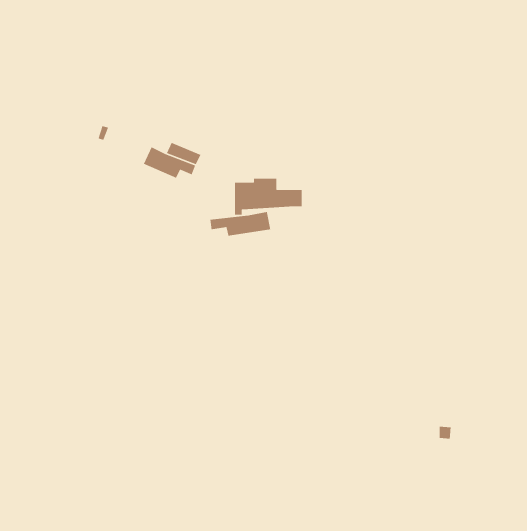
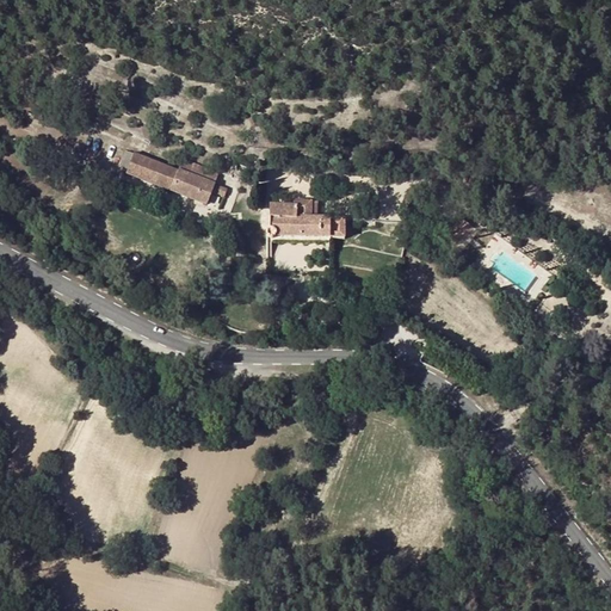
building: none -> [121,148,172,186]
building: [209,211,271,237] -> none

